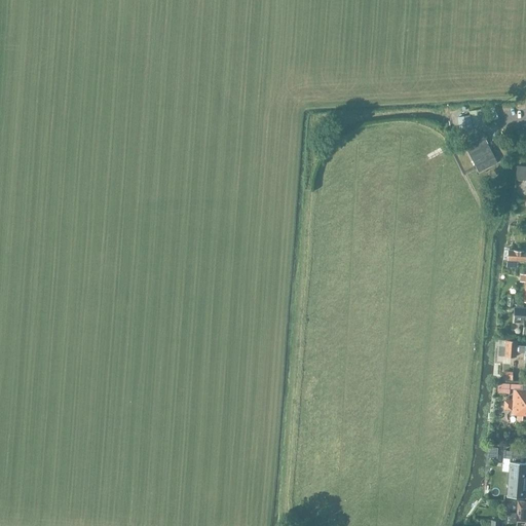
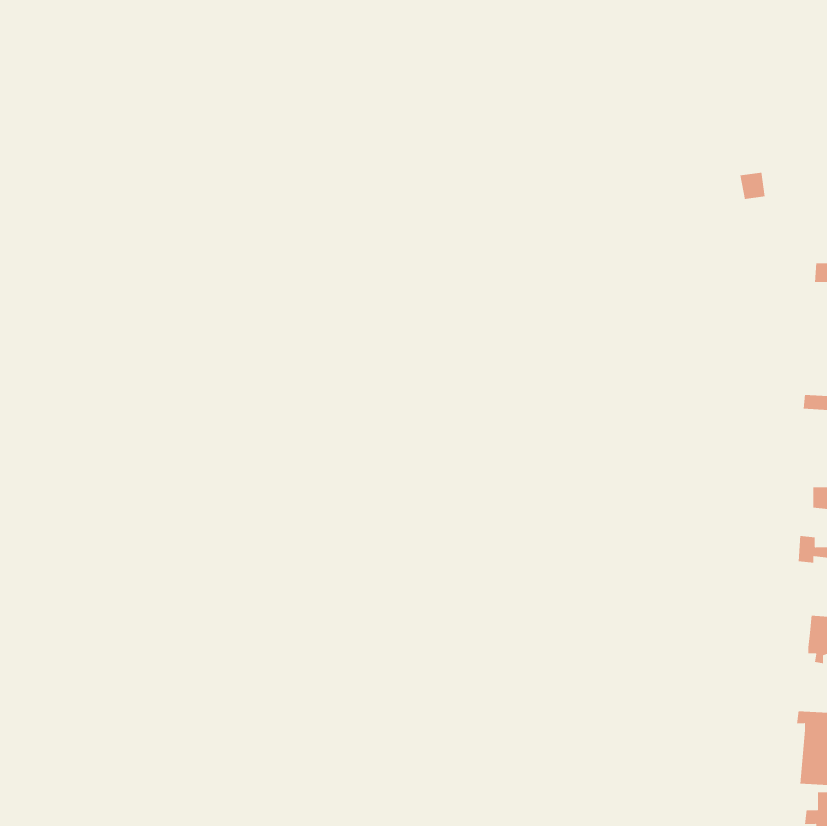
building: [466,136,498,173] -> none

